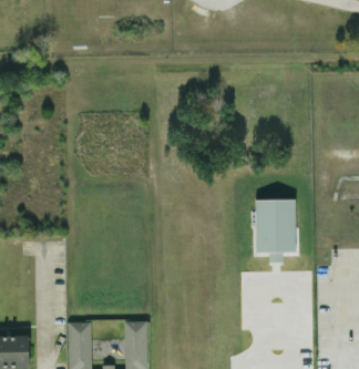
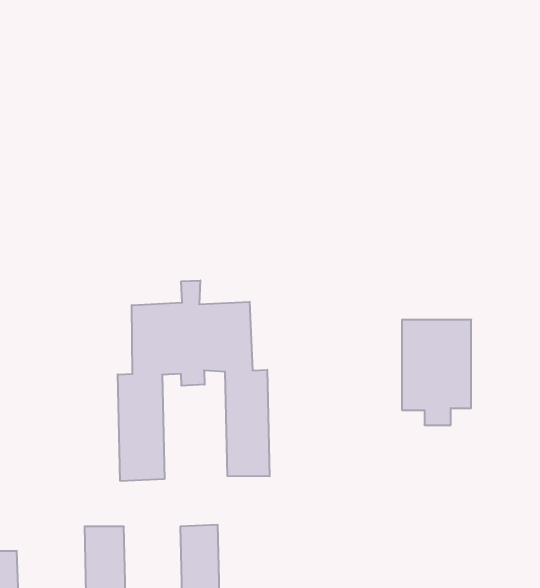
building: none -> [118,280,270,481]

